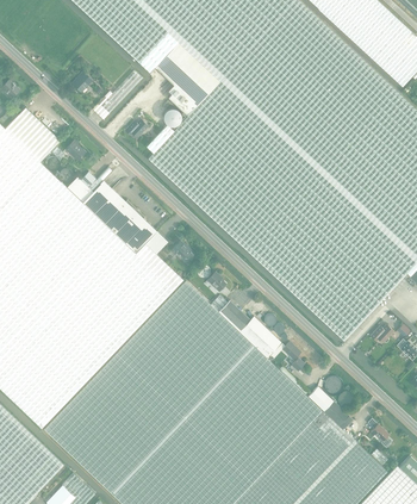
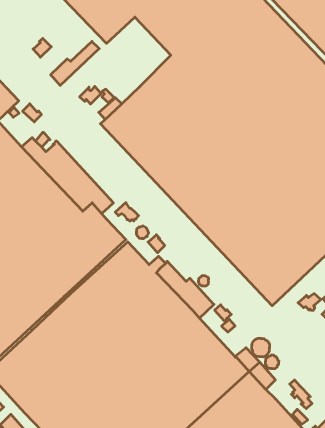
building: [155,42,219,116] -> none

